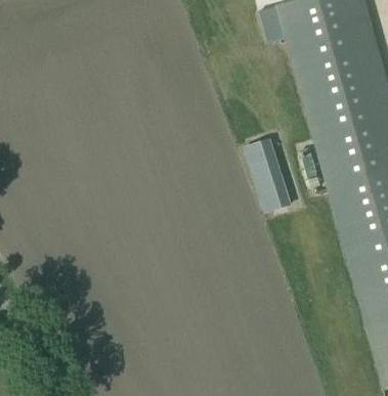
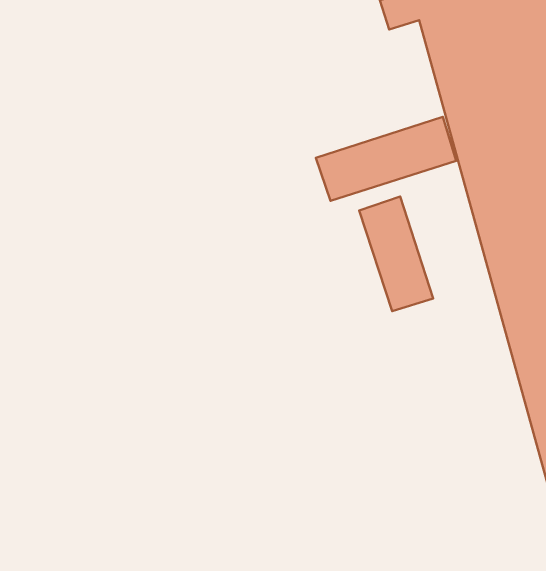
building: none -> [316,117,456,201]

